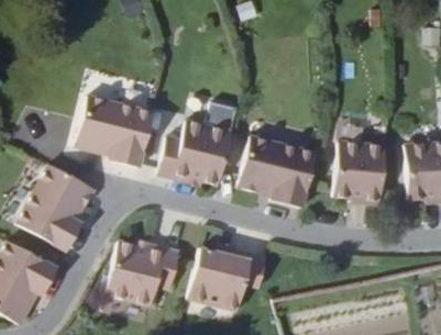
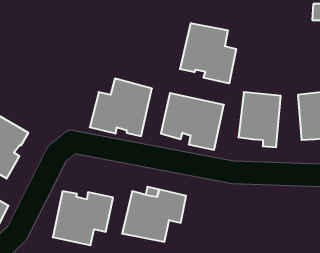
building: none -> [180,23,236,83]
building: [71,92,152,168] -> none

